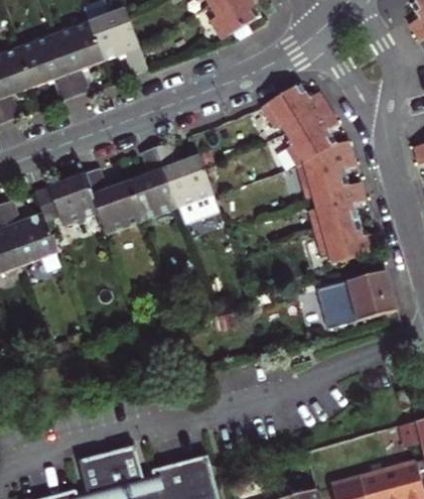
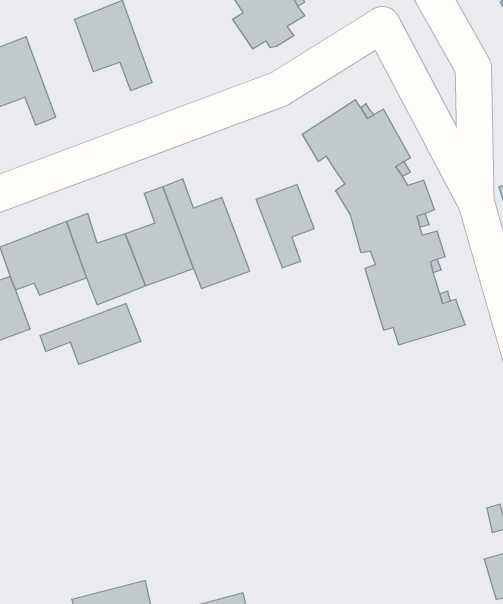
building: [51,21,102,95] -> none
building: none -> [256,184,314,268]
building: none -> [40,304,141,364]
building: [316,272,393,329] -> none

